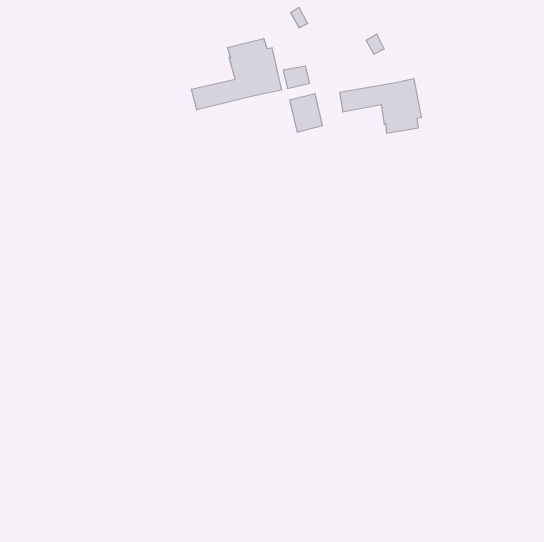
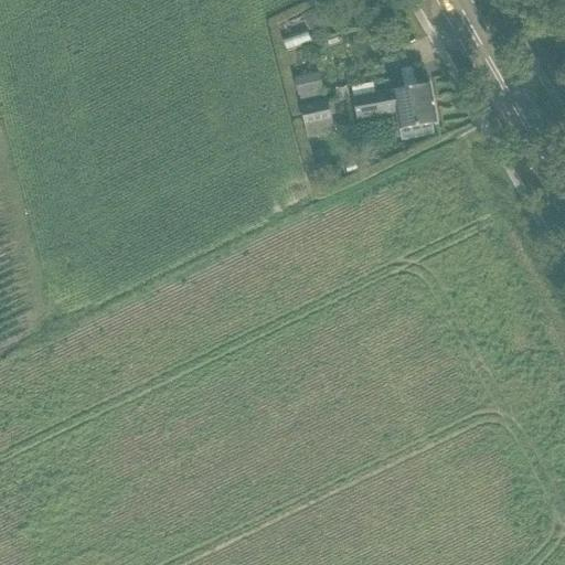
building: [191,38,281,110] -> none

